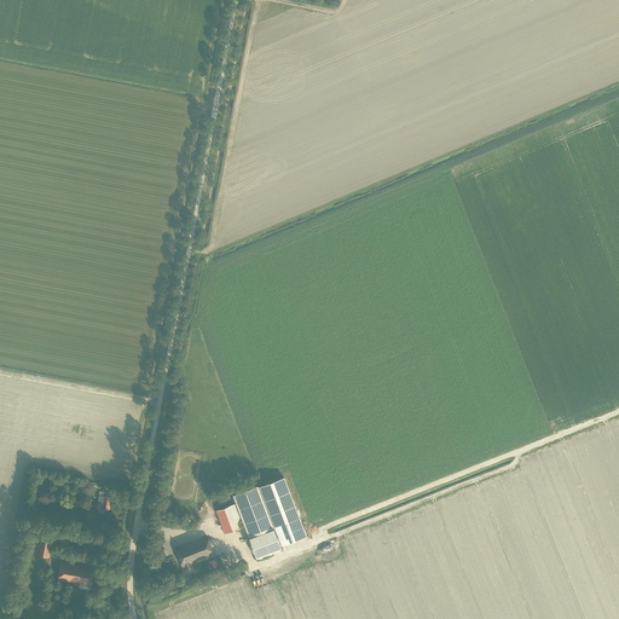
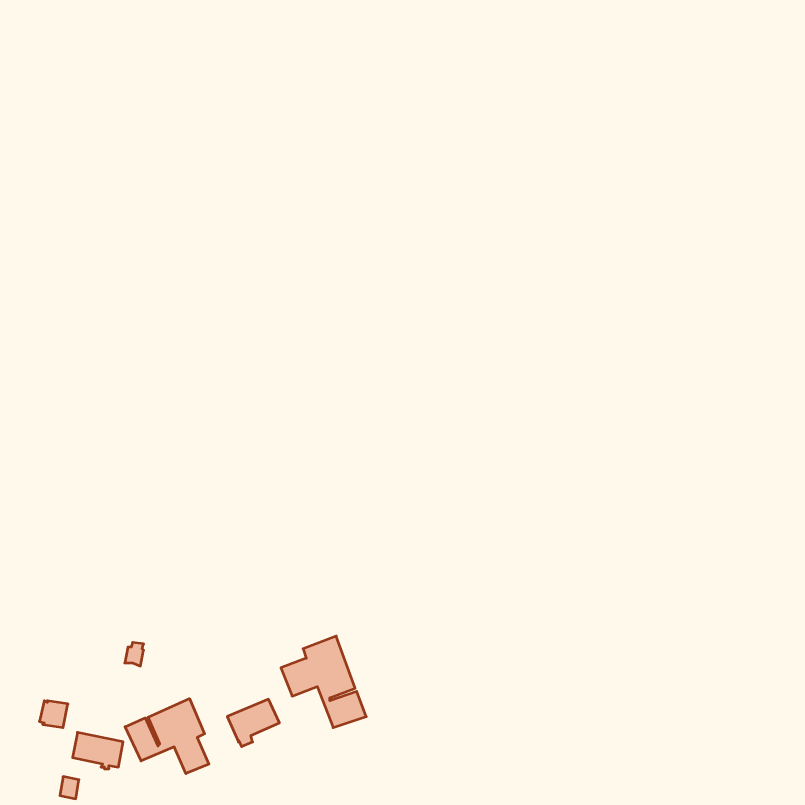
building: [258,479,305,546] -> none
building: none -> [125,699,209,774]

